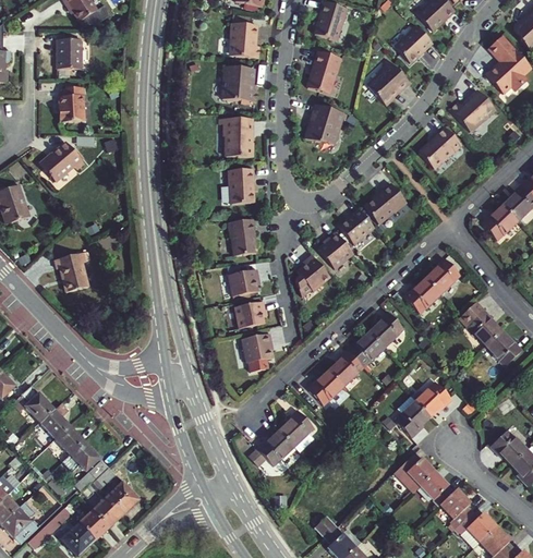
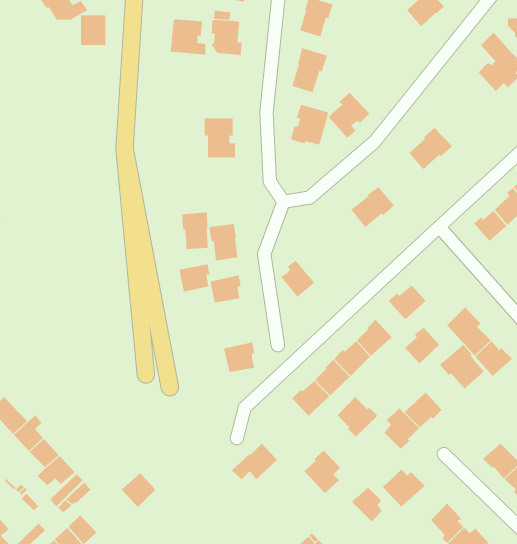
building: [396,25,433,63] -> none
building: [58,38,83,68] -> [80,15,106,45]
building: [368,61,409,106] -> [328,92,370,138]
building: [222,66,257,101] -> [170,19,206,55]
building: [60,86,85,121] -> none
building: [449,90,496,131] -> none
building: [41,141,85,180] -> none
building: [228,168,254,204] -> [181,212,209,249]
building: [338,207,373,242] -> none
building: [318,230,353,268] -> none
building: [56,253,92,291] -> none
building: [423,257,457,293] -> [405,327,440,364]
building: [235,301,266,328] -> [179,264,210,292]
building: none -> [439,344,484,390]
building: none -> [337,396,378,437]
building: [279,409,315,451] -> [303,450,341,494]
building: [420,471,450,505] -> [351,487,383,522]
building: [105,482,138,515] -> [121,472,156,508]

